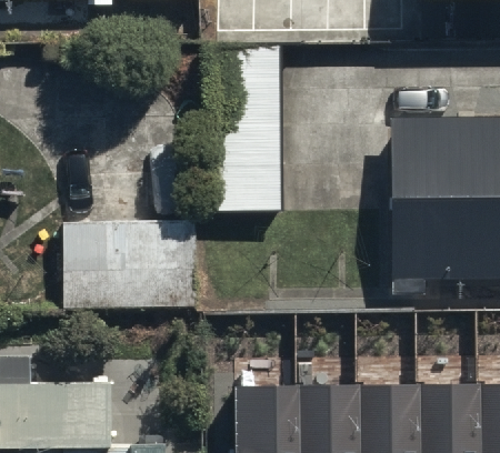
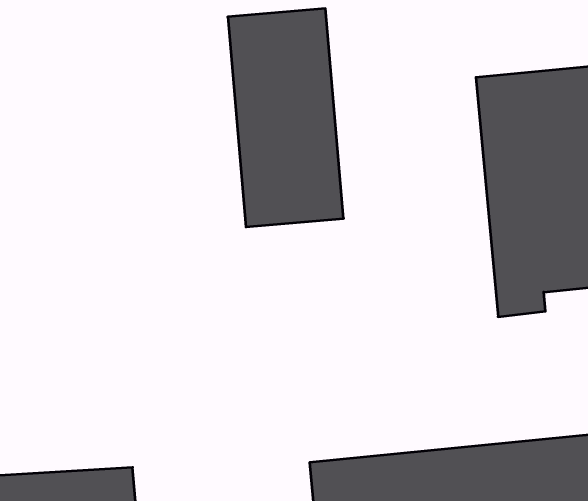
building: [59,221,190,305] -> none

